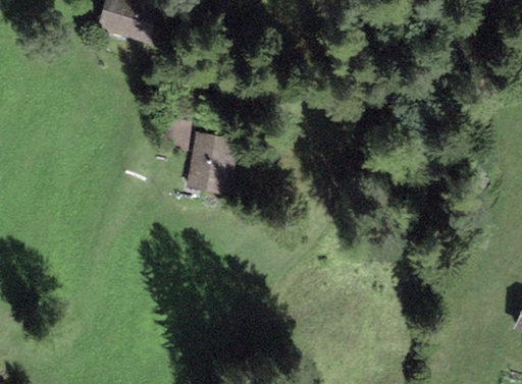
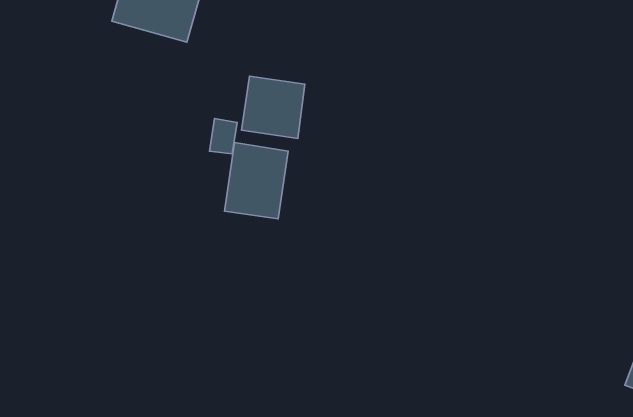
building: none -> [241,76,305,138]

